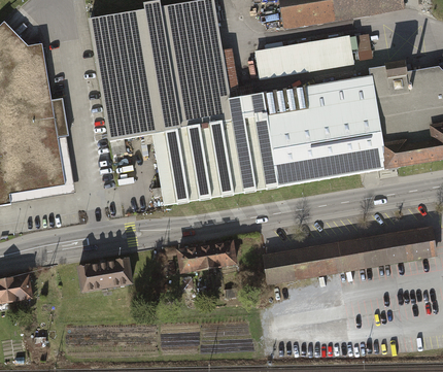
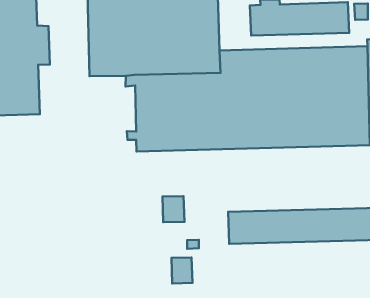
building: [216,241,240,269] -> [171,257,192,283]
building: [176,247,200,275] -> none
building: [77,259,134,292] -> none

